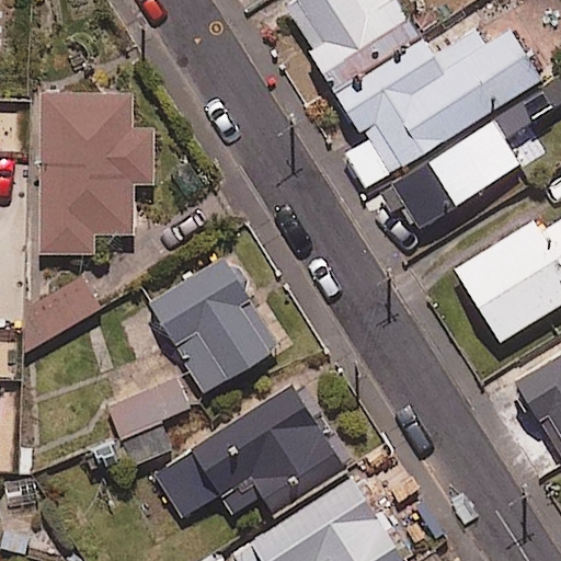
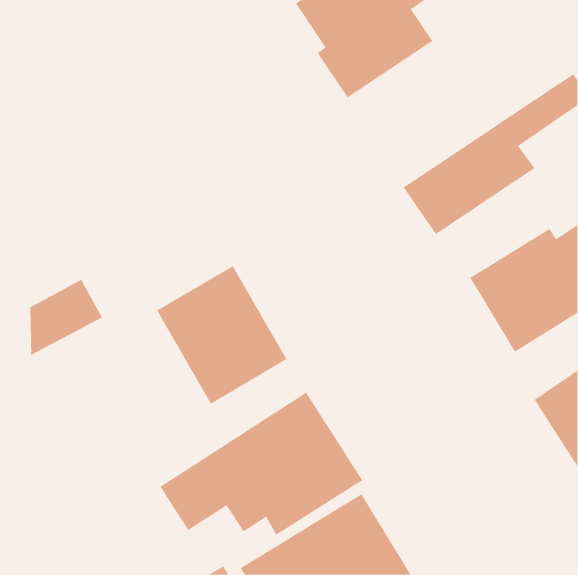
building: [336,28,556,190] -> none
building: [38,93,153,254] -> none
building: [104,375,191,466] -> none

